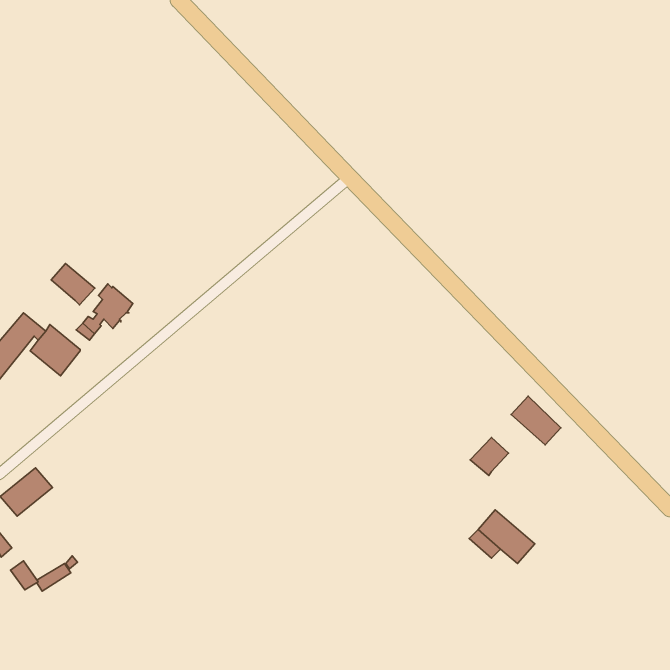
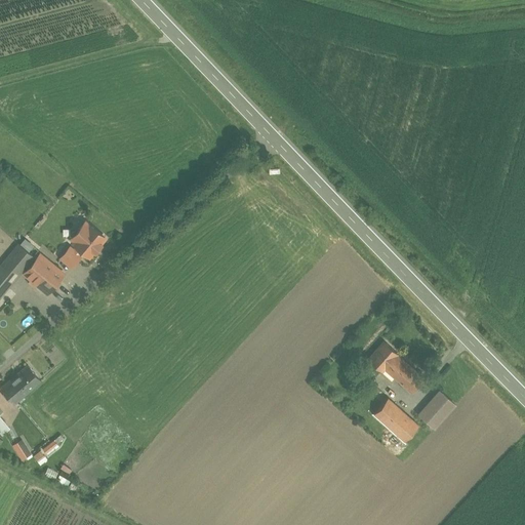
building: [51,263,95,305] -> none
building: [511,396,561,445] -> [383,355,422,393]
building: none -> [417,392,454,429]

